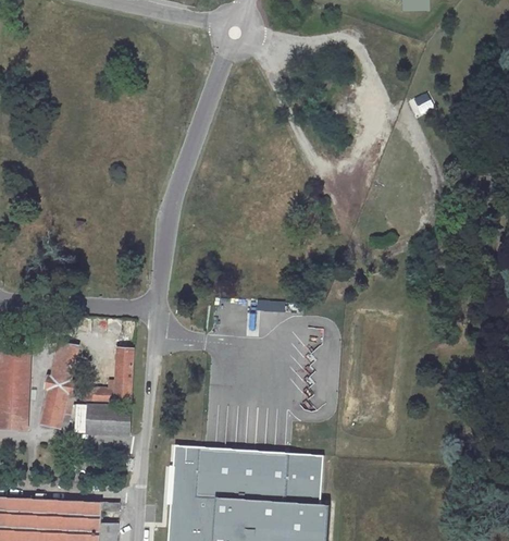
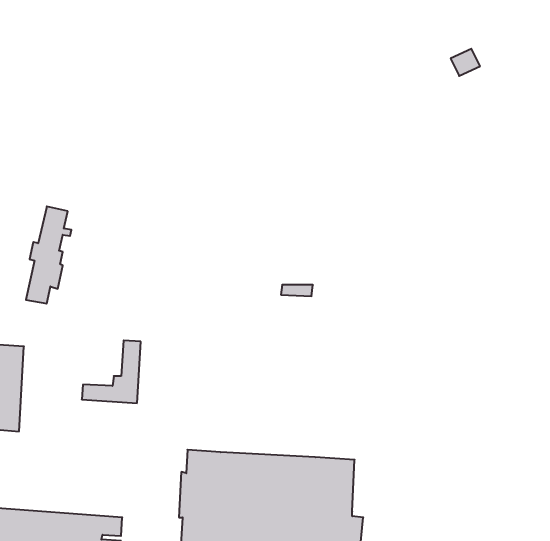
building: [40,342,80,428] -> [26,206,71,304]
building: [74,406,129,435] -> none

